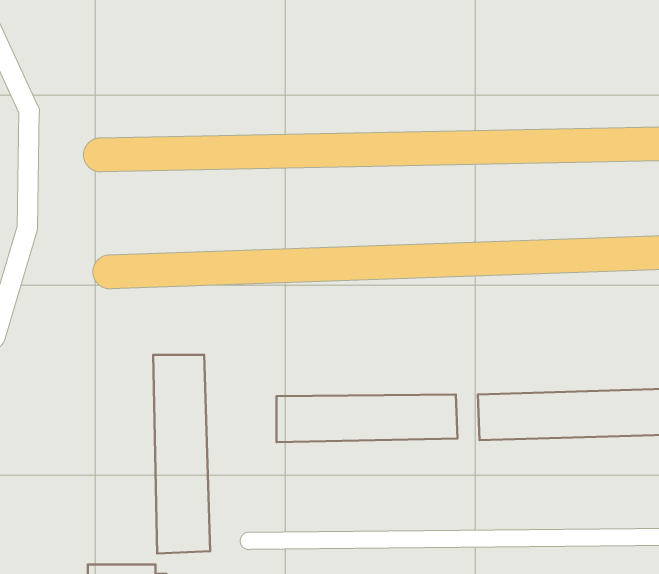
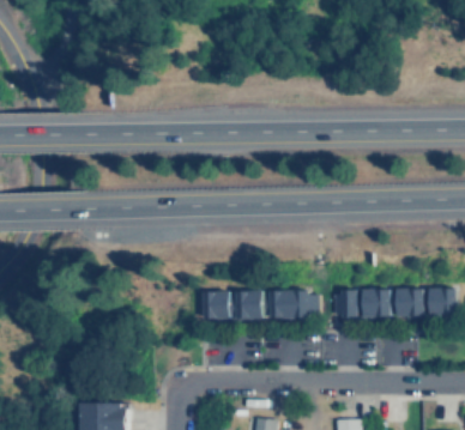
building: [153,355,210,553] -> none

